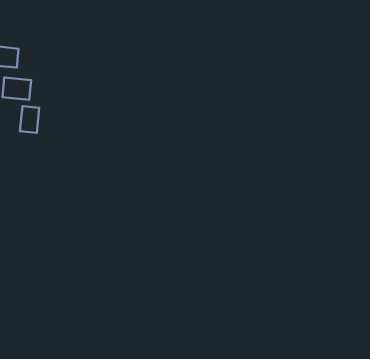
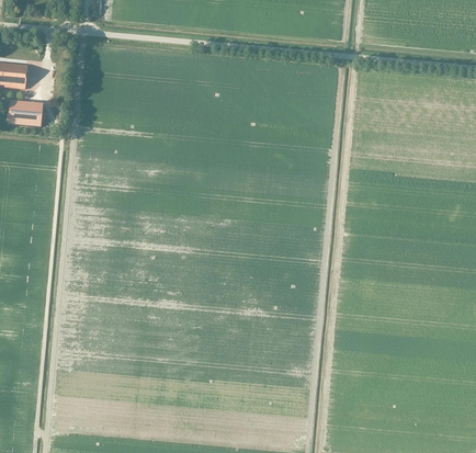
building: [20,106,39,133] -> none

